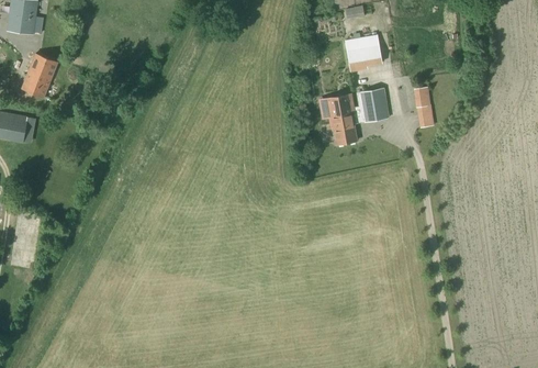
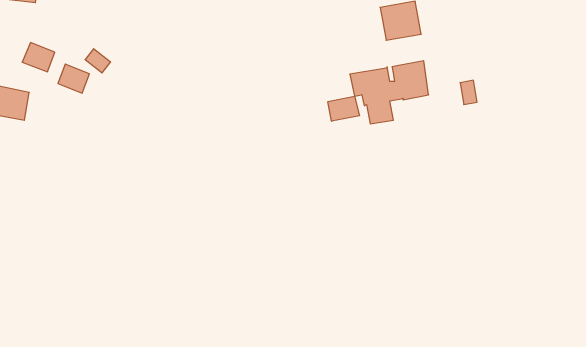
building: [29,54,57,80] -> [58,64,89,93]
building: none -> [328,96,359,121]

